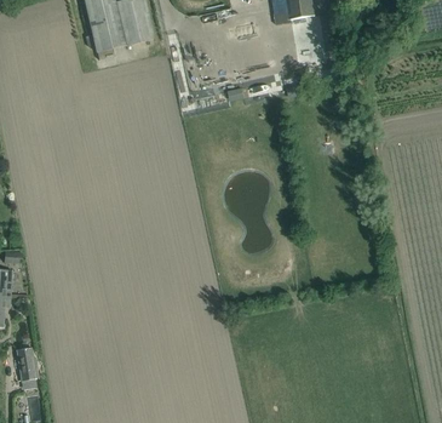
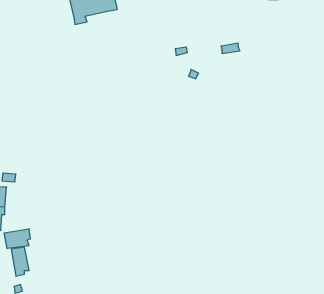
building: none -> [4,229,30,249]

